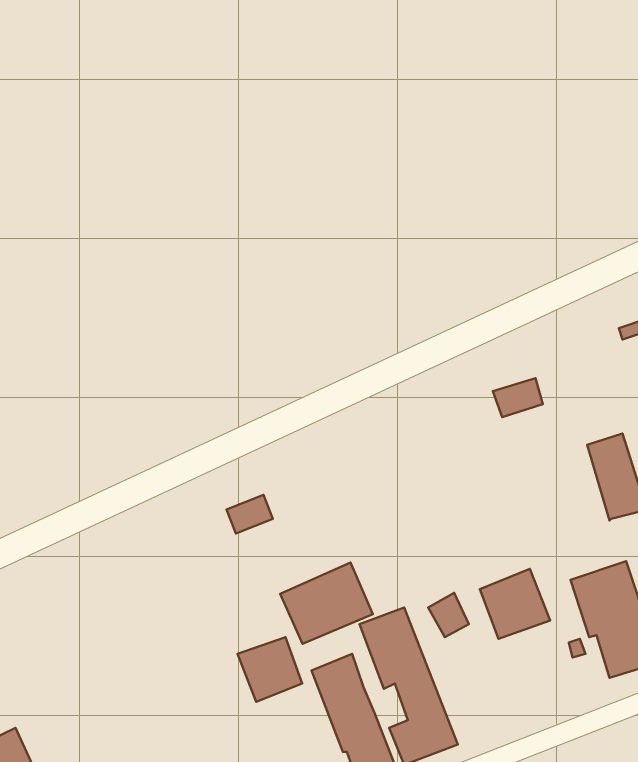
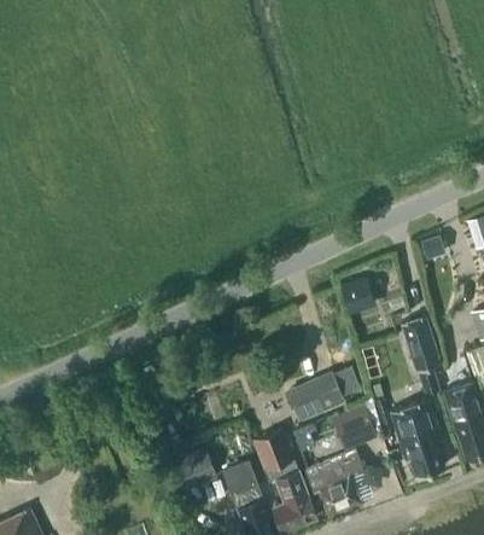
building: [280,562,373,644] -> [286,371,346,424]
building: none -> [305,450,365,514]

